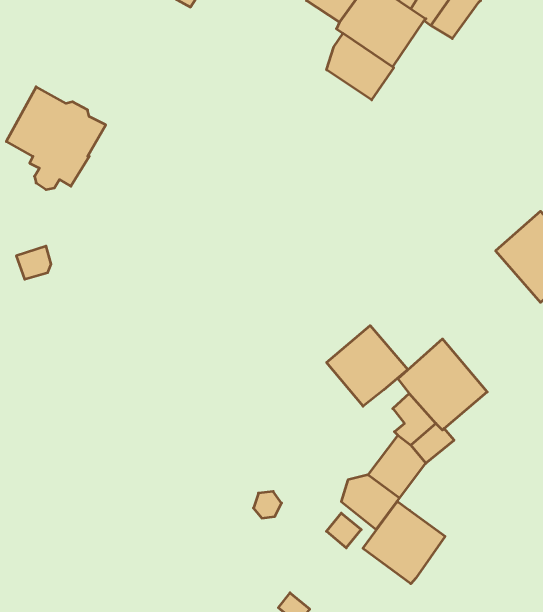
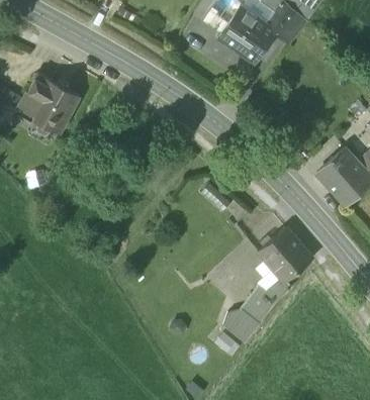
building: [327,33,394,100] -> none
building: [327,326,408,406] -> none
building: [363,501,445,584] -> none

